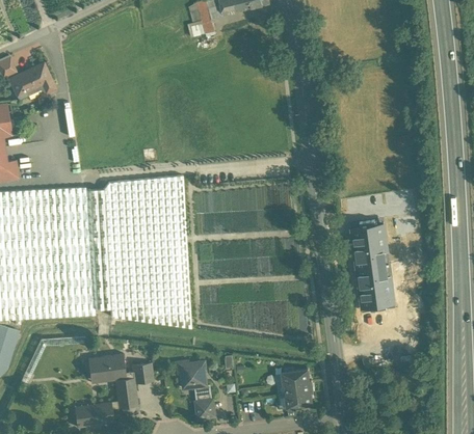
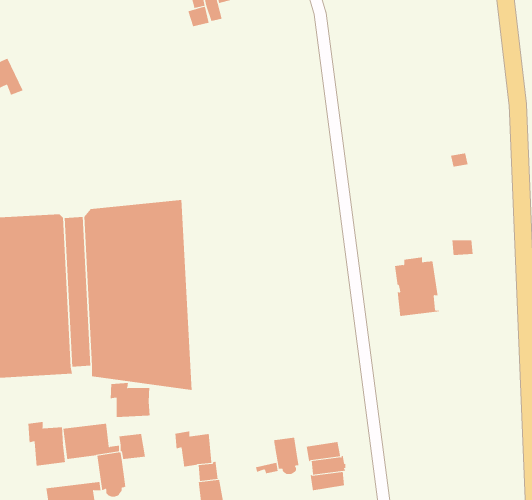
building: [356,265,393,311] -> none
building: none -> [110,382,150,418]
building: none -> [28,421,66,466]
building: none -> [274,437,299,475]

